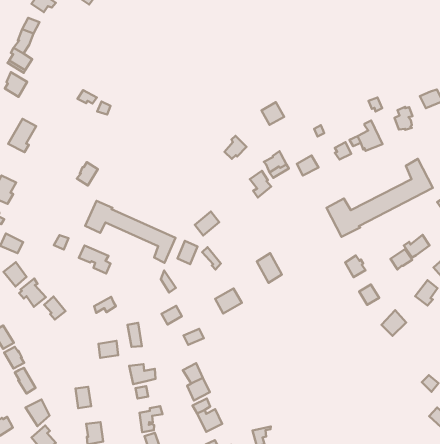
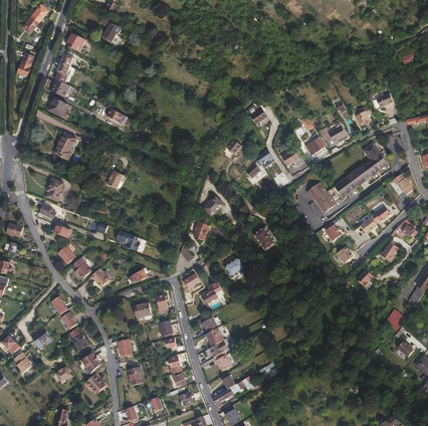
building: [85,201,176,263] -> none

